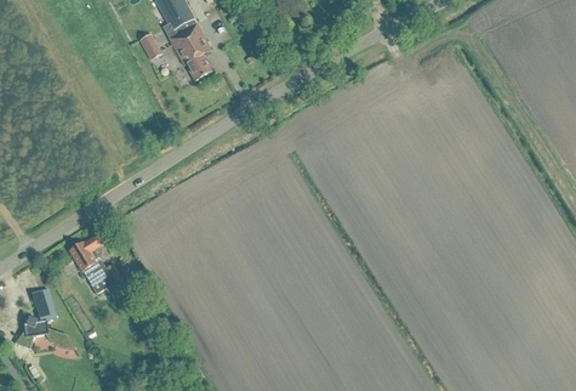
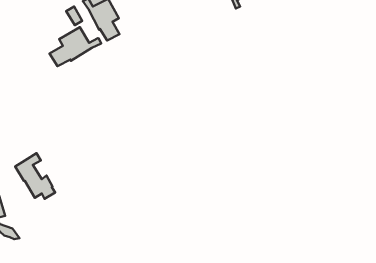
building: none -> [49,27,101,66]

